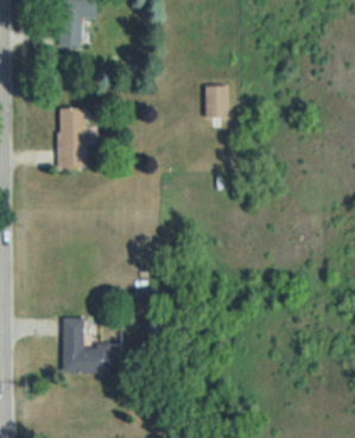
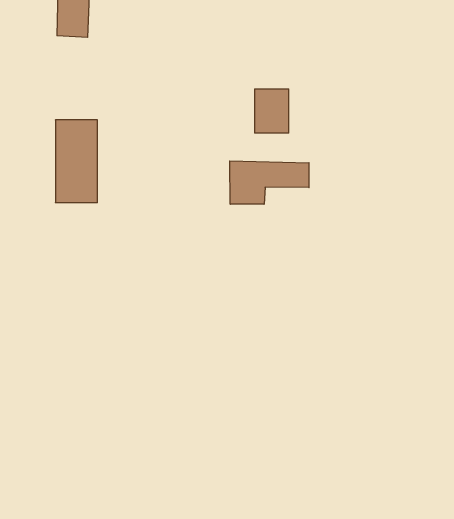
building: none -> [230,161,309,204]
building: [62,318,113,374] -> none

